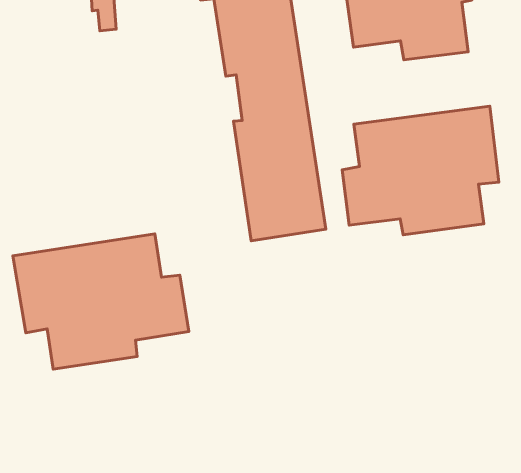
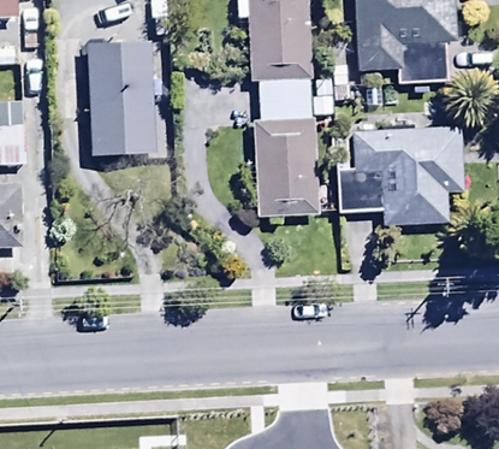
building: none -> [78,40,158,155]
building: [13,234,189,369] -> none

